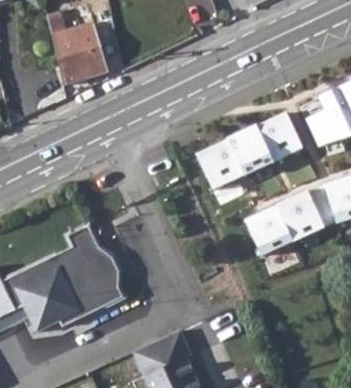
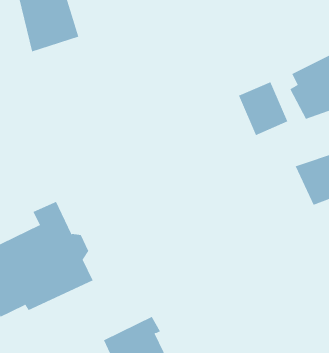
building: [198,126,273,191] -> none
building: [244,191,326,258] -> none

